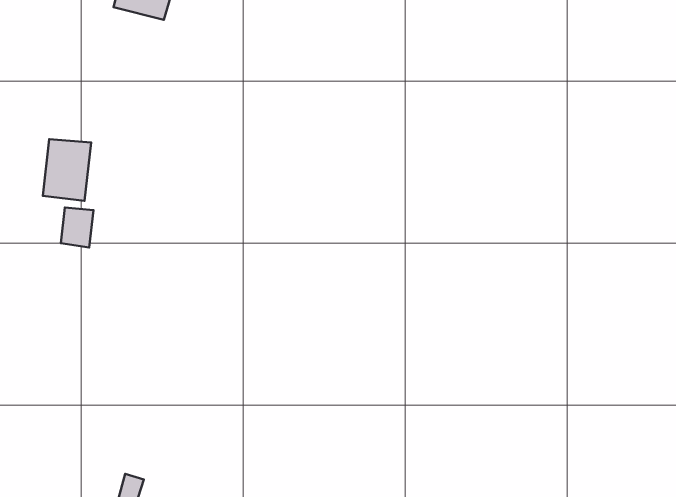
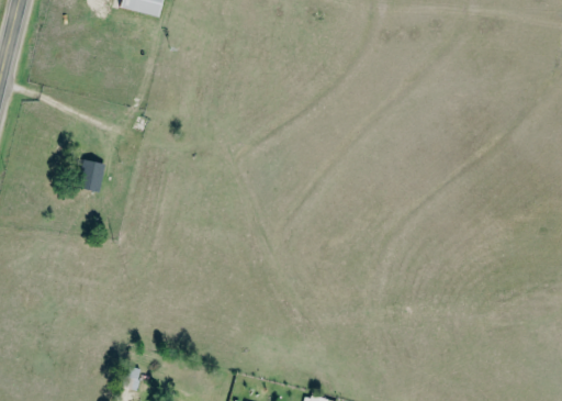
building: [43,139,91,201] -> none

